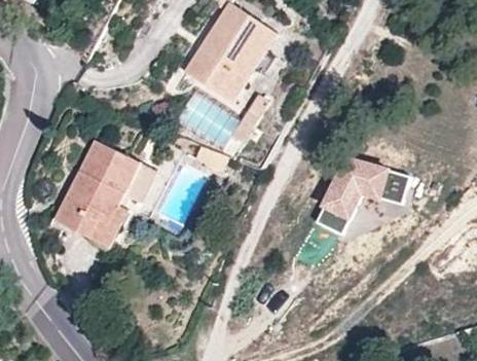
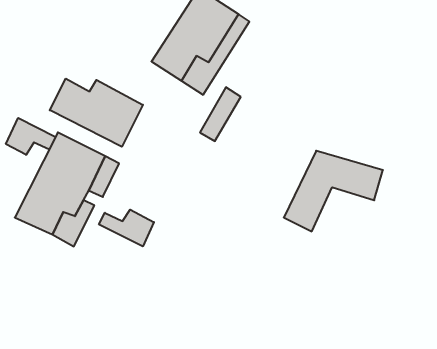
building: none -> [50,79,143,147]
building: none -> [6,118,55,155]
building: none -> [99,210,154,246]

